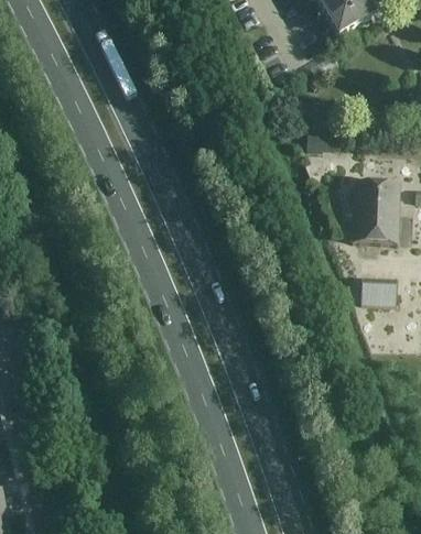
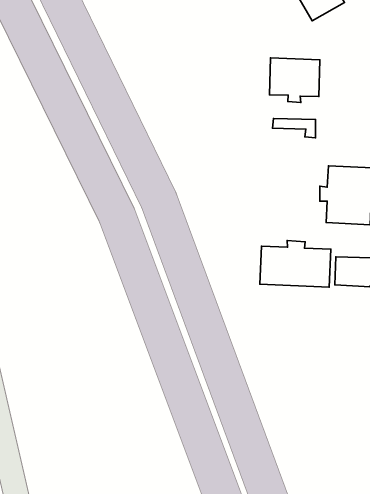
building: none -> [270,58,320,103]
building: none -> [260,240,331,287]

